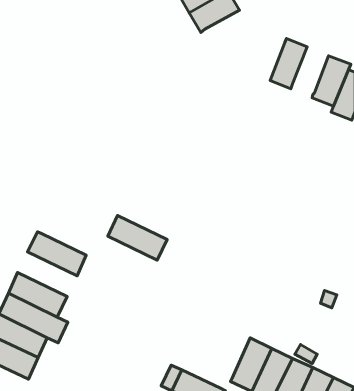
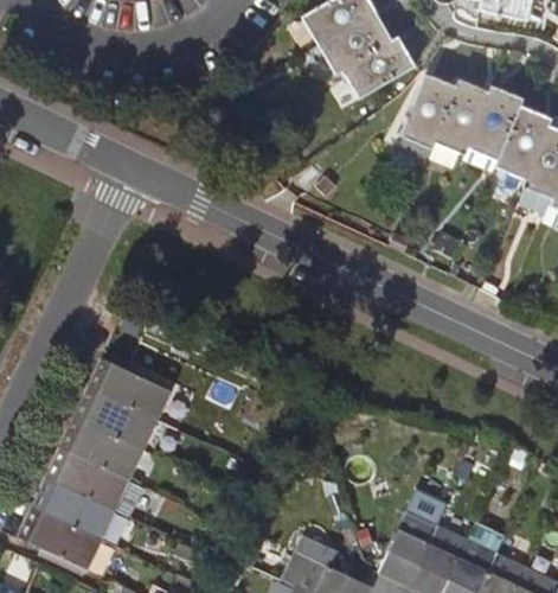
building: none -> [342,38,415,100]
building: none -> [404,76,457,148]
building: none -> [468,87,522,160]
building: [108,215,167,260] -> [73,388,159,452]

